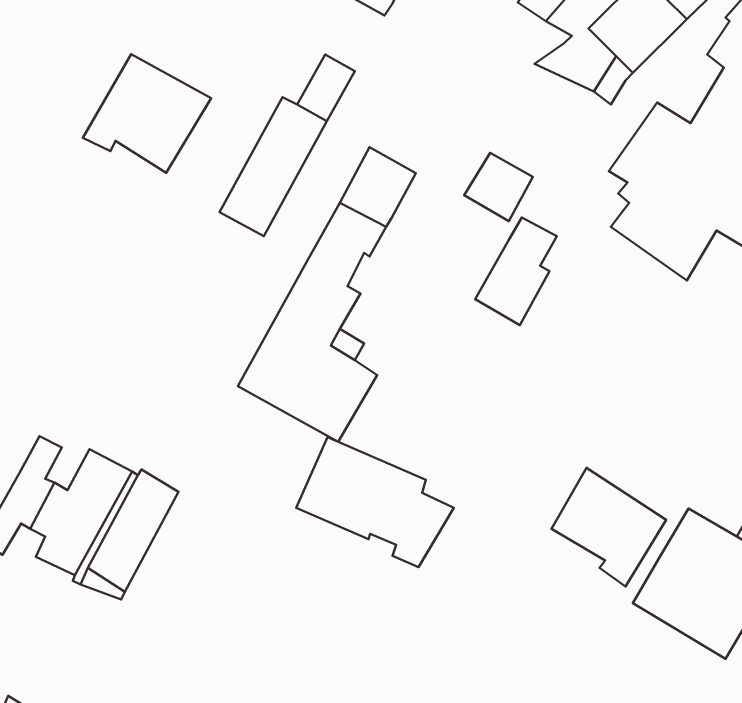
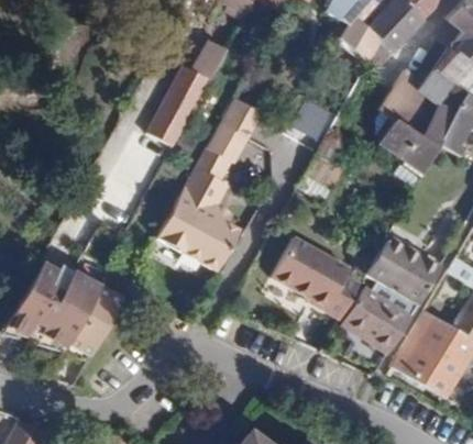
building: [83,54,211,173] -> none
building: none -> [366,233,442,306]
building: [296,437,454,567] -> [267,242,361,319]

